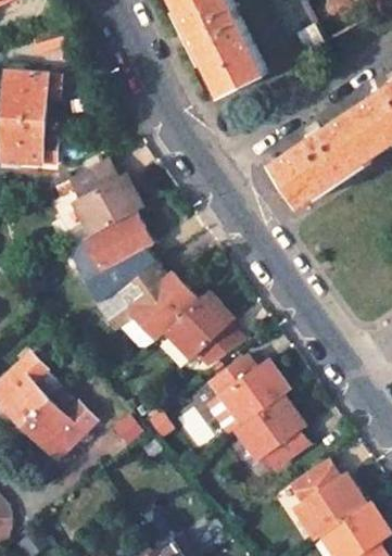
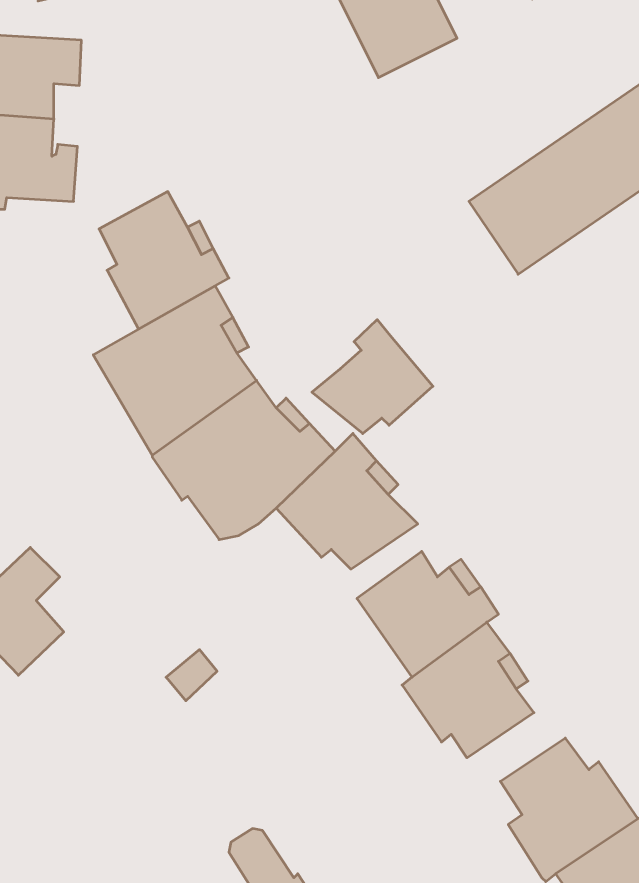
building: none -> [312,320,433,434]
building: [24,401,97,458] -> none

